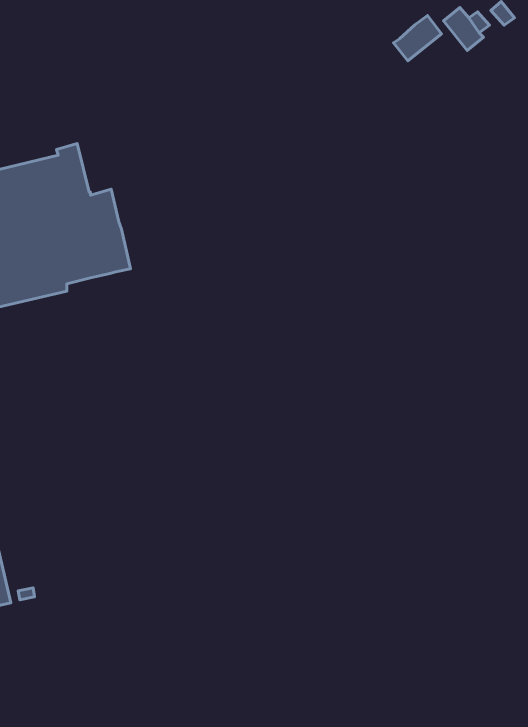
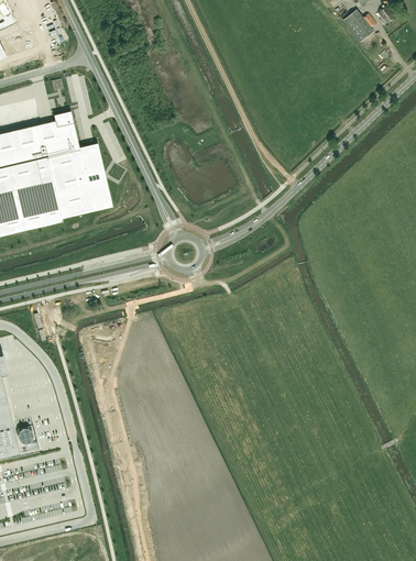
building: [393,15,442,61] -> none

